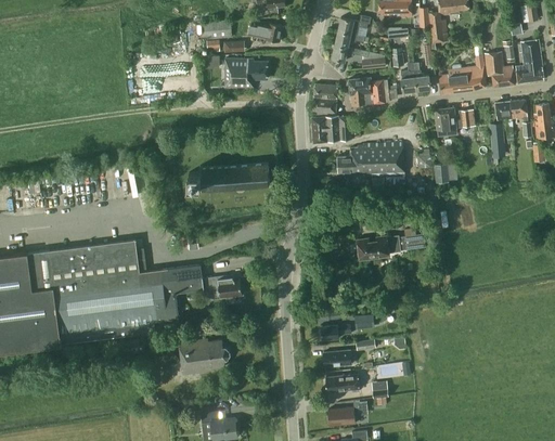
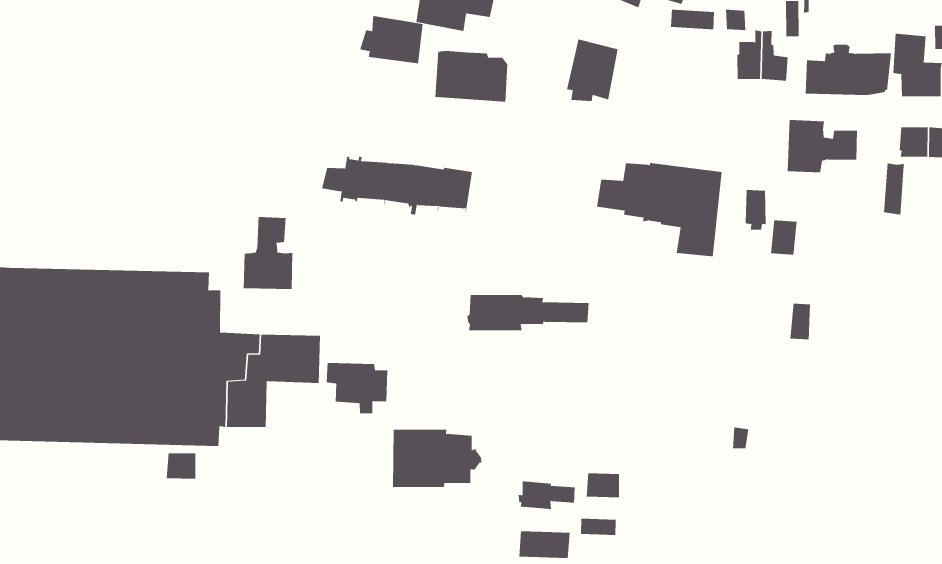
building: [348,77,389,106] -> none
building: none -> [360,15,423,64]
building: [311,115,352,143] -> [435,51,508,102]
building: none -> [243,216,293,290]
building: [358,235,424,260] -> [467,295,589,331]
building: [179,339,230,375] -> [392,429,482,488]

